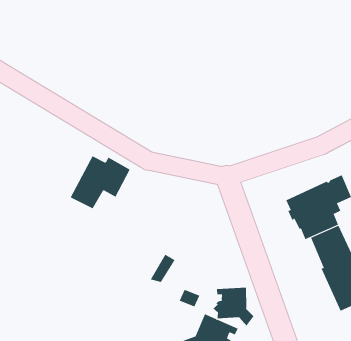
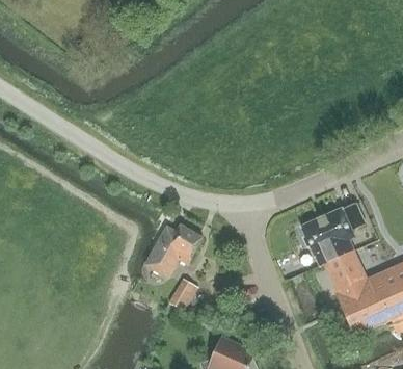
building: [70,156,131,209] -> [143,222,203,274]
building: [213,287,254,326] -> none

